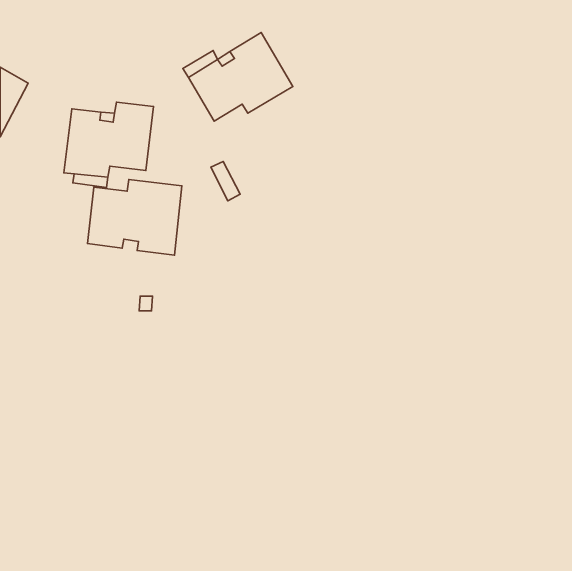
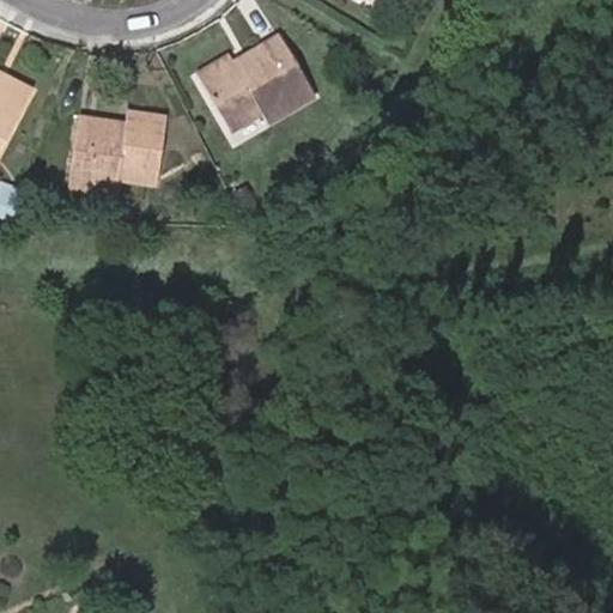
building: [87,179,182,255] -> none

